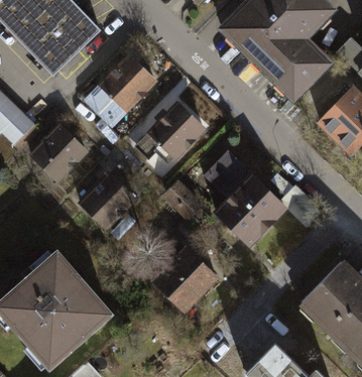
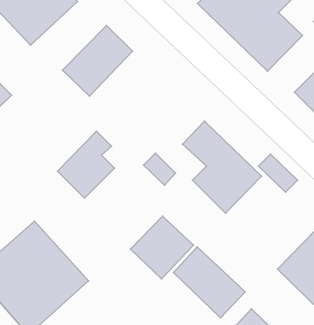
building: [136,103,205,159] -> none
building: [31,126,87,181] -> none
building: none -> [174,247,245,318]

